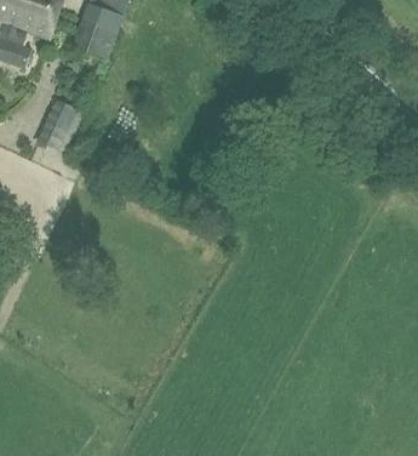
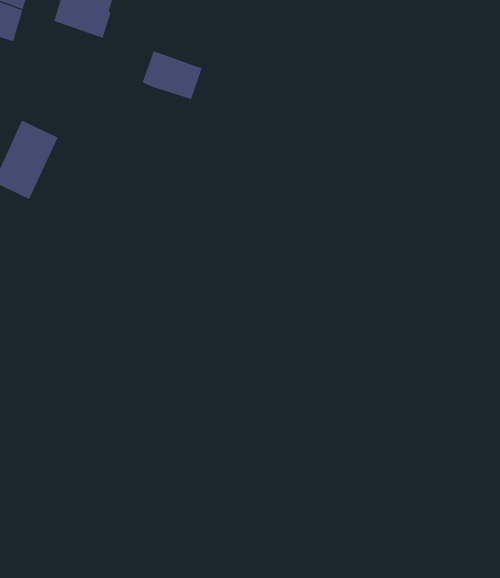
building: [70,22,116,59] -> [142,51,203,100]

